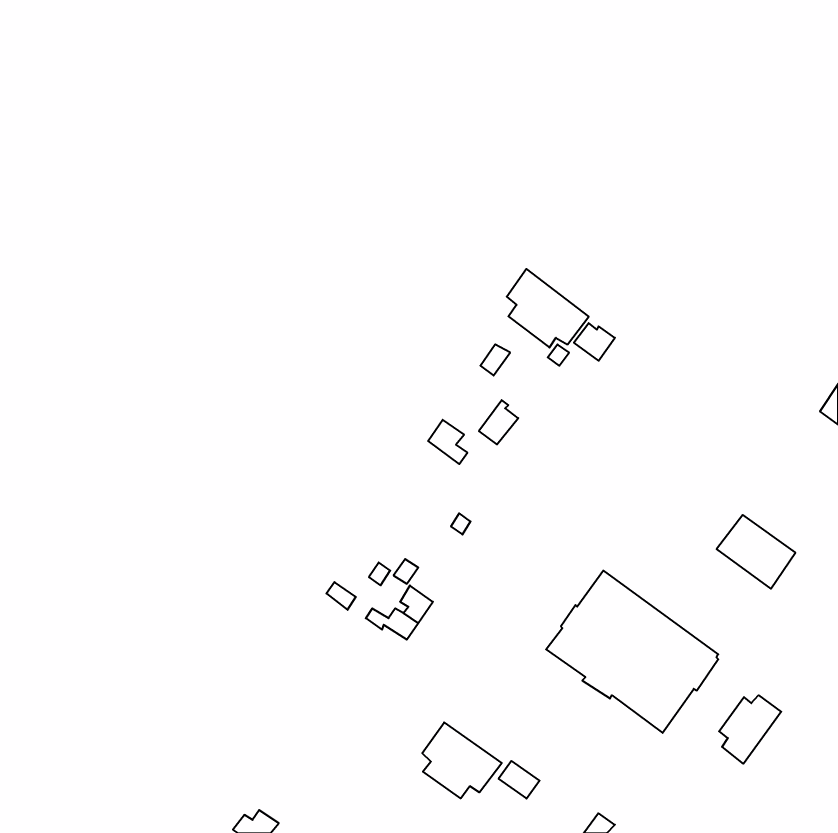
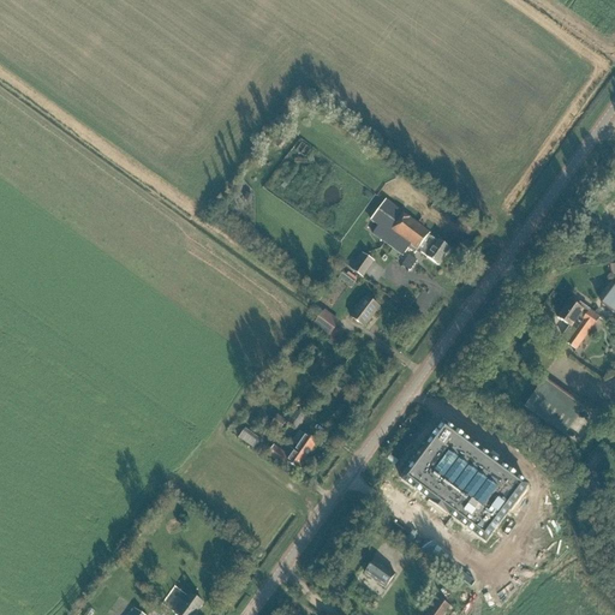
building: none -> [557,299,599,347]
building: [719,695,781,764] -> none
building: [422,722,502,798] -> none

